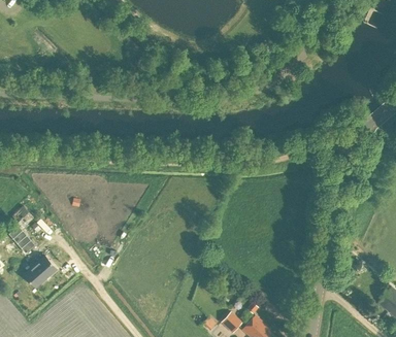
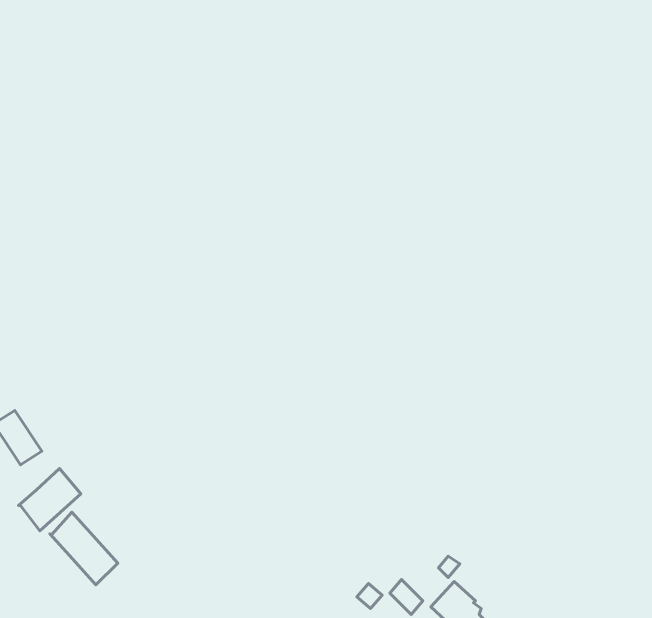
building: none -> [50,512,118,585]

